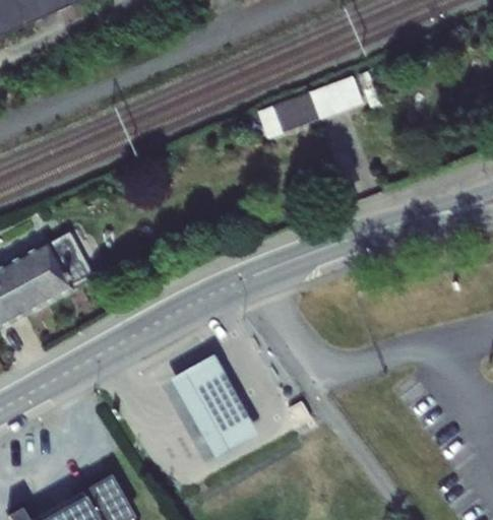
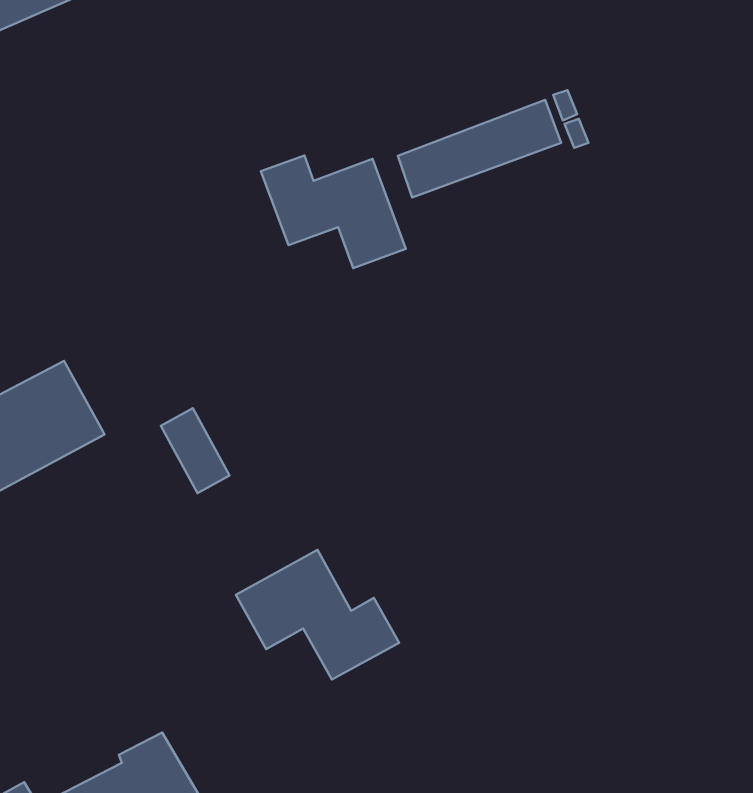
building: none -> [261,156,406,268]
building: [48,233,91,286] -> [161,408,230,493]

